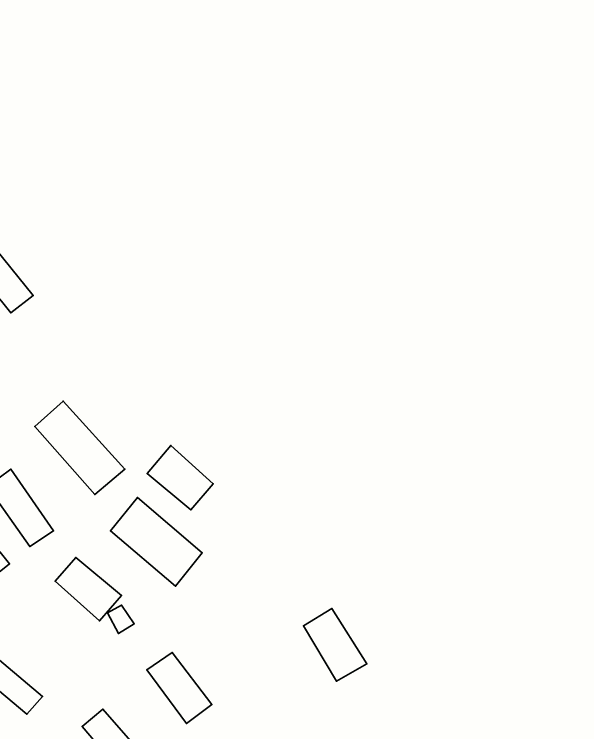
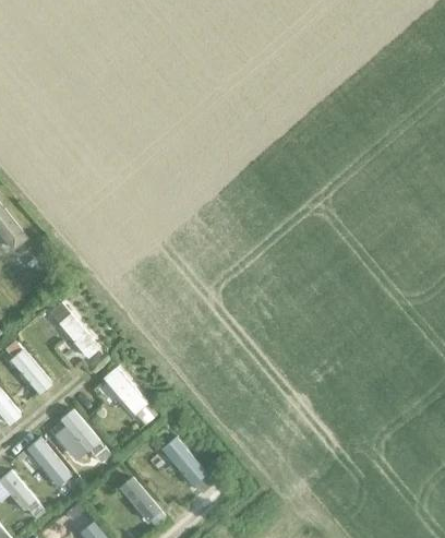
building: [147,446,213,510] -> none
building: none -> [31,439,70,482]
building: [303,608,367,681] -> [166,442,209,492]

